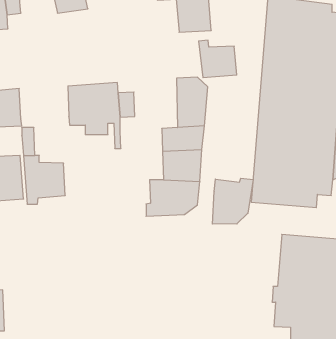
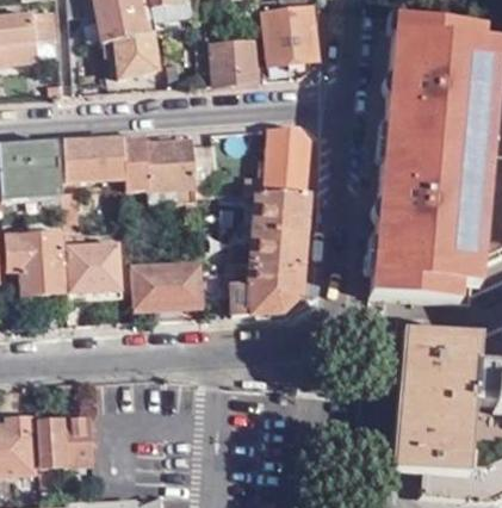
building: none -> [105,29,160,74]
building: [199,40,237,78] -> [209,31,261,82]
building: none -> [52,136,120,181]
building: none -> [125,261,197,309]
building: [213,178,253,224] -> none
building: none -> [36,413,94,472]

